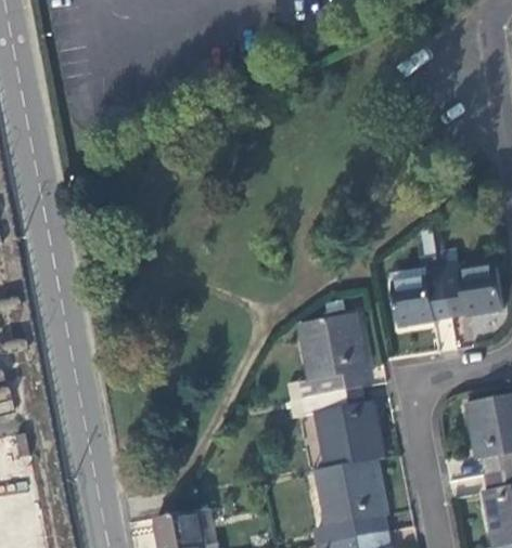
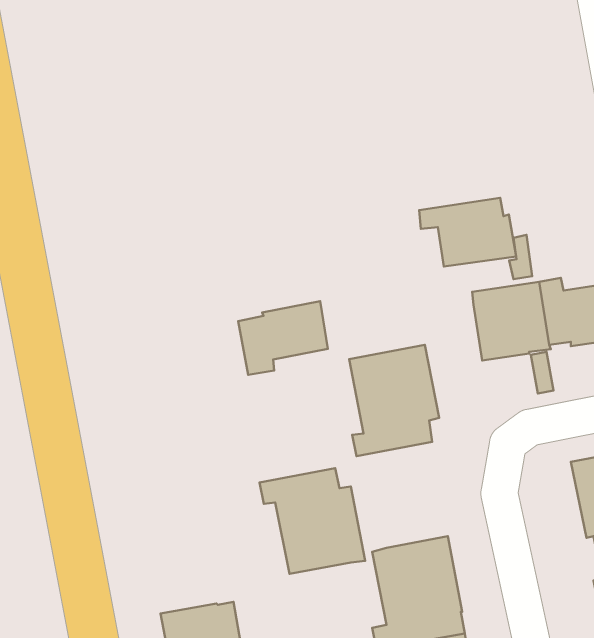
building: none -> [419,198,516,267]
building: none -> [238,301,328,375]
building: [304,388,384,468] -> [259,468,365,574]

